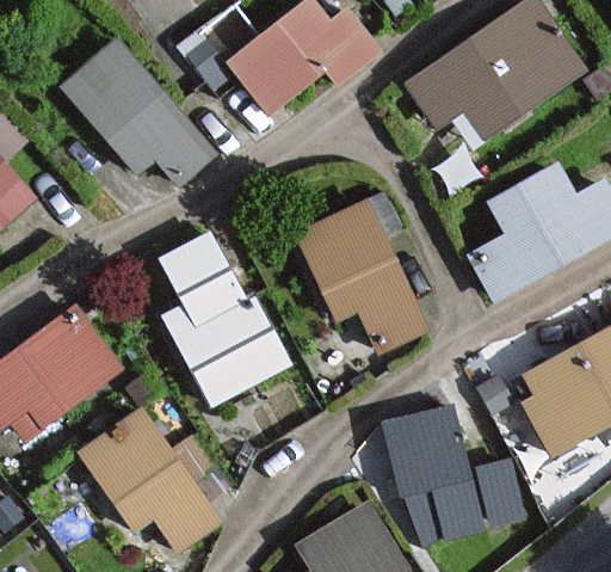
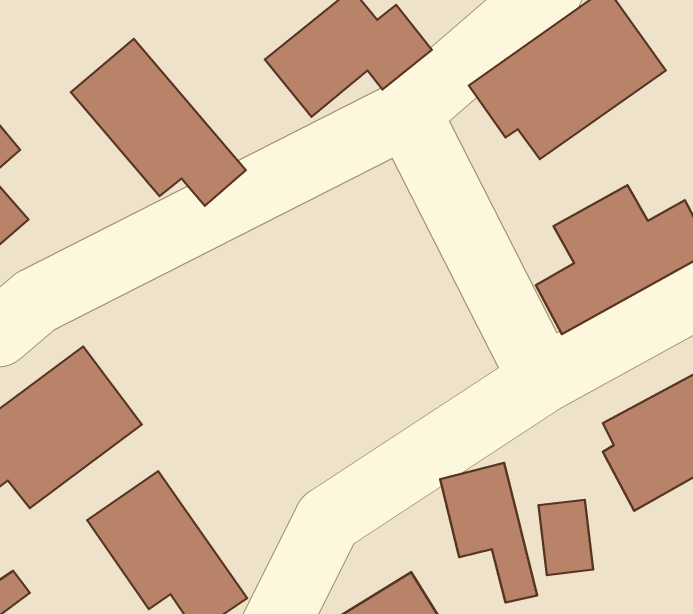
building: [295,202,420,349] -> none
building: [156,232,284,401] -> none

